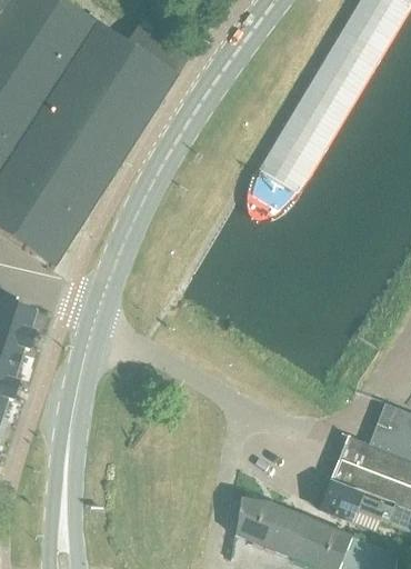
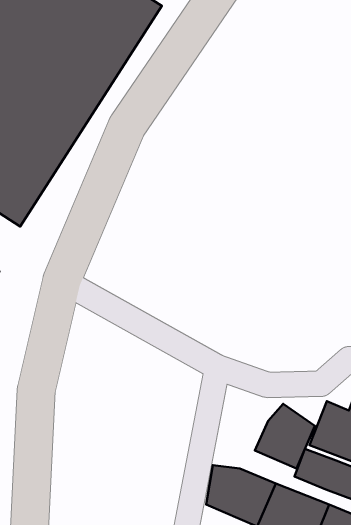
building: none -> [255,404,315,468]

